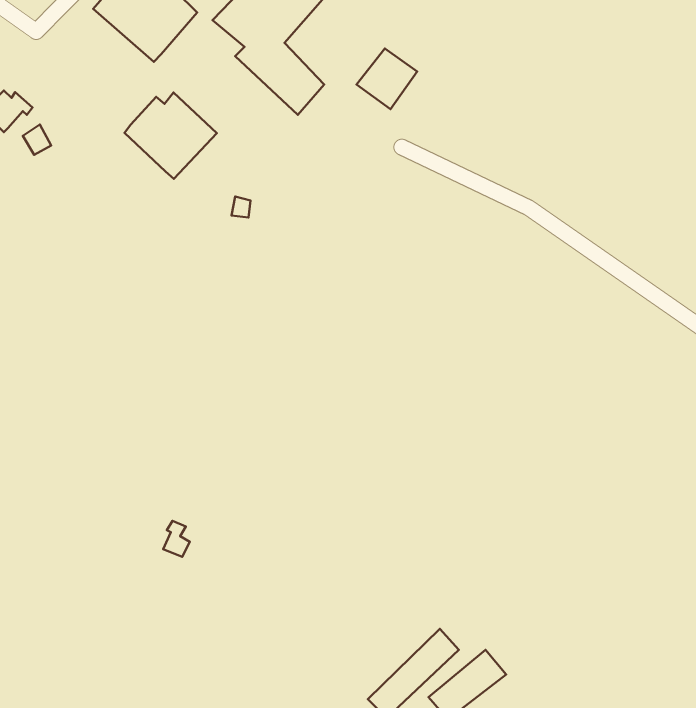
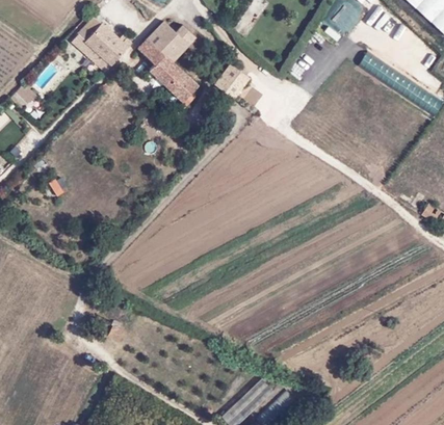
building: [125,92,217,179] -> none

